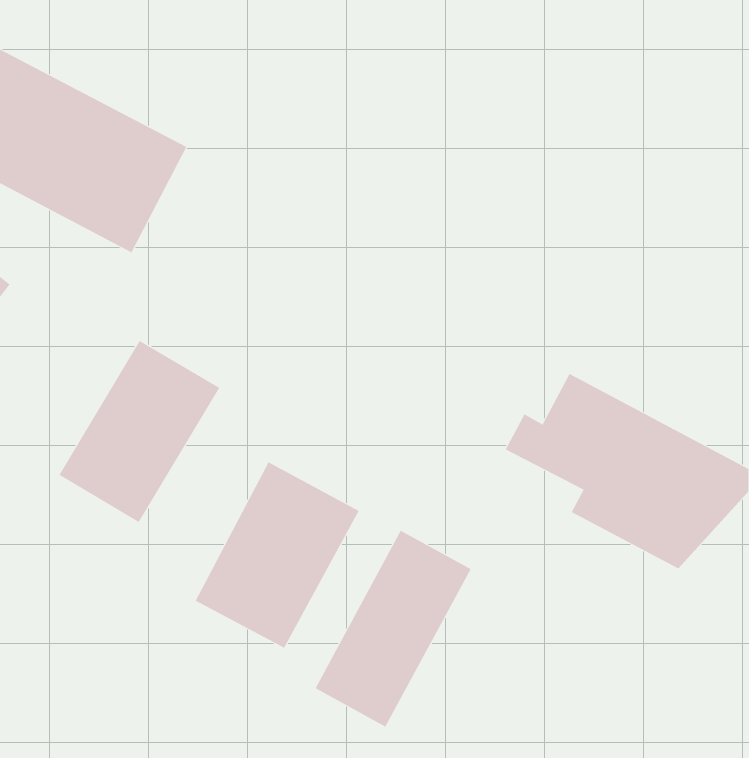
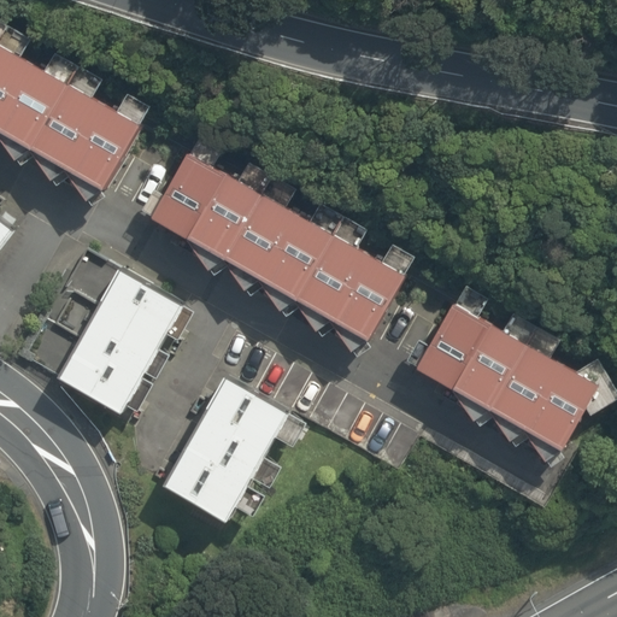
building: none -> [142,152,423,363]
building: [315,530,471,727] -> none

